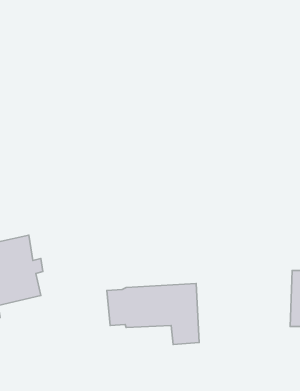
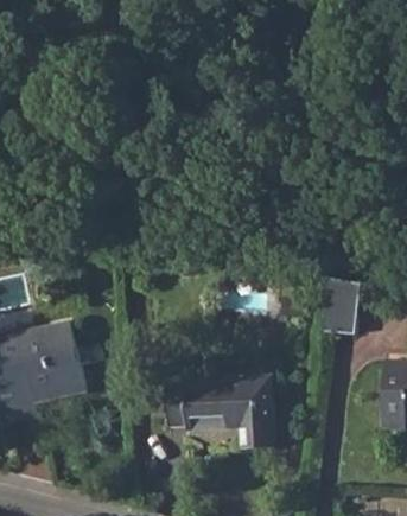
building: none -> [323,276,358,332]

